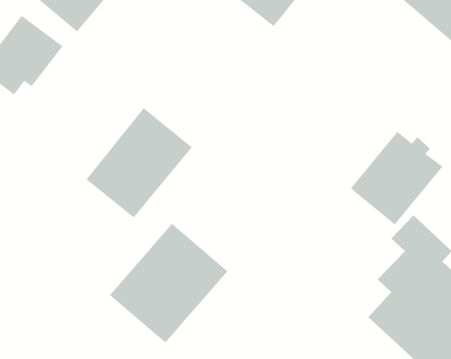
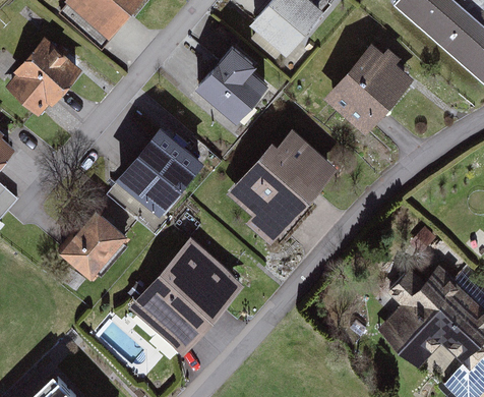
building: none -> [194,42,270,122]
building: none -> [226,128,339,246]
building: [350,131,443,225] -> [324,43,415,134]
building: none -> [59,208,129,280]

